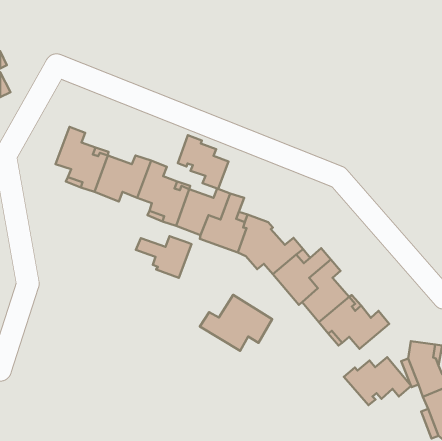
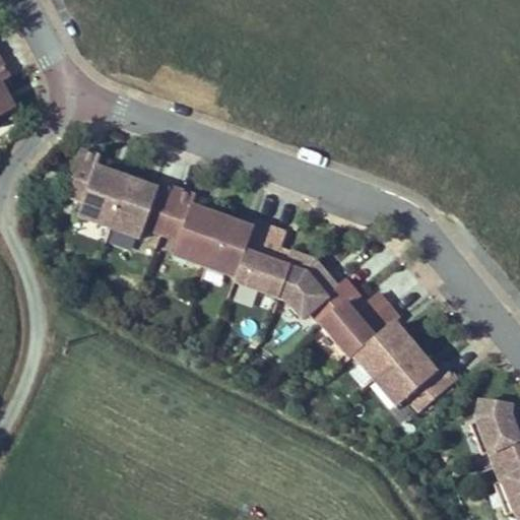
building: [178,135,229,189] -> none
building: [136,236,191,278] -> none
building: [200,295,272,351] -> none
building: [344,357,411,405] -> none

